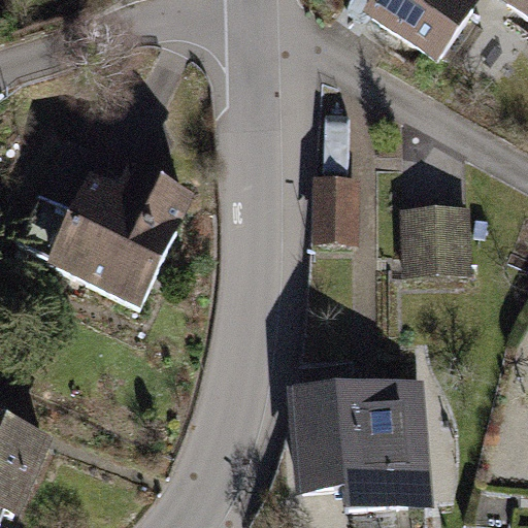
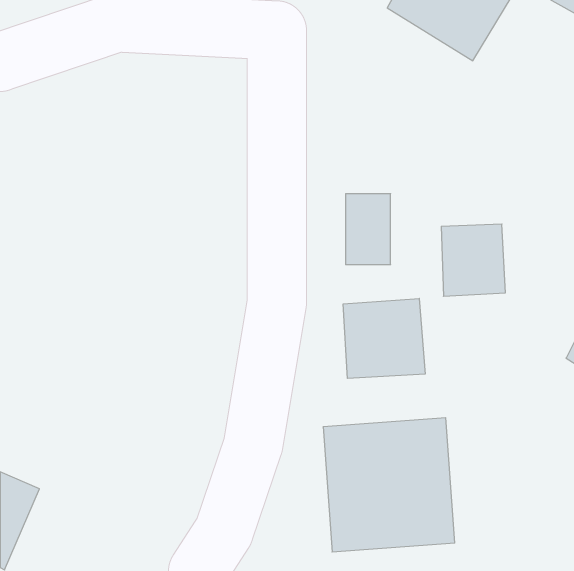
building: [34,157,198,311] -> none
building: none -> [343,298,425,378]

